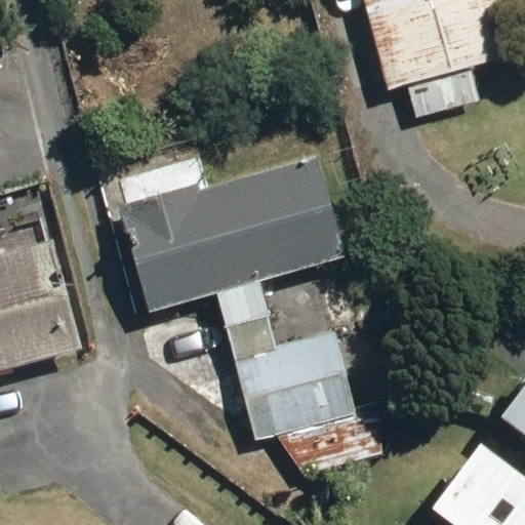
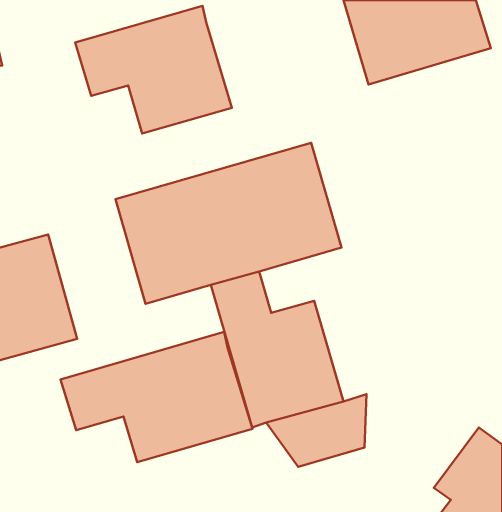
building: none -> [75,6,232,133]
building: none -> [60,332,252,462]

